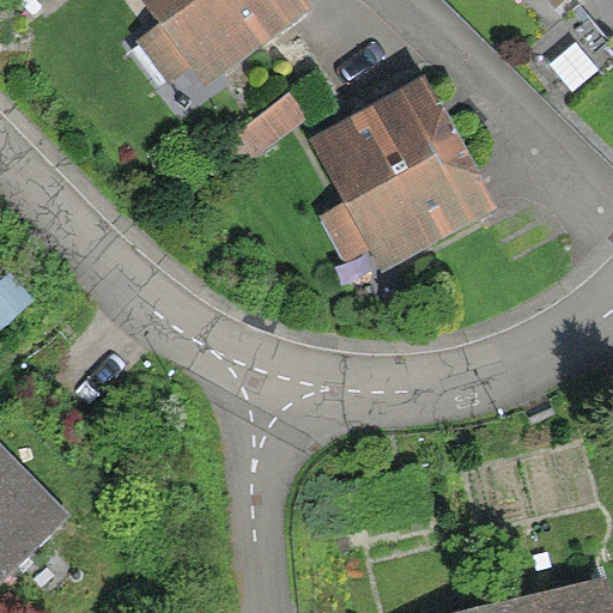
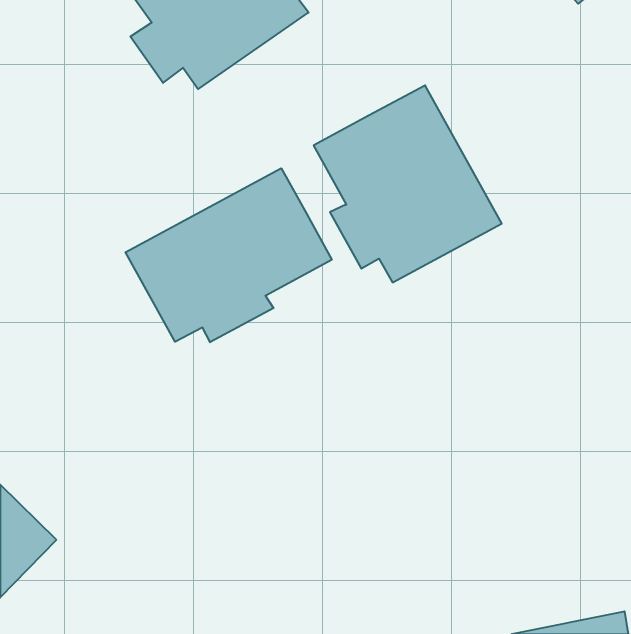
building: none -> [126,168,332,342]

